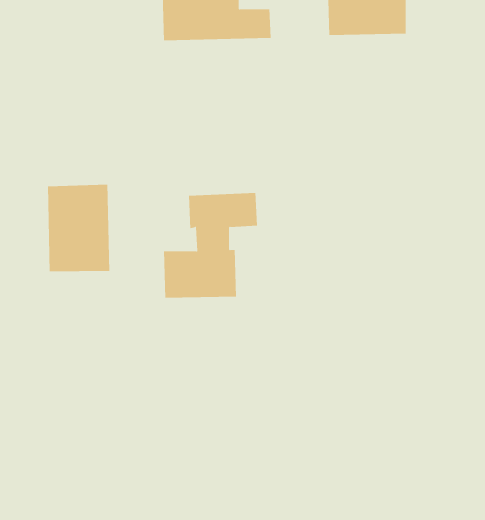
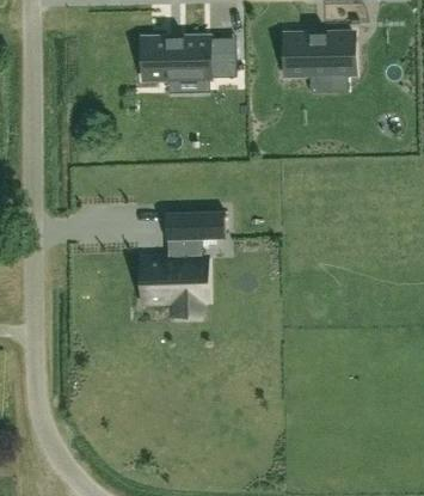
building: [48,184,110,272] -> none

